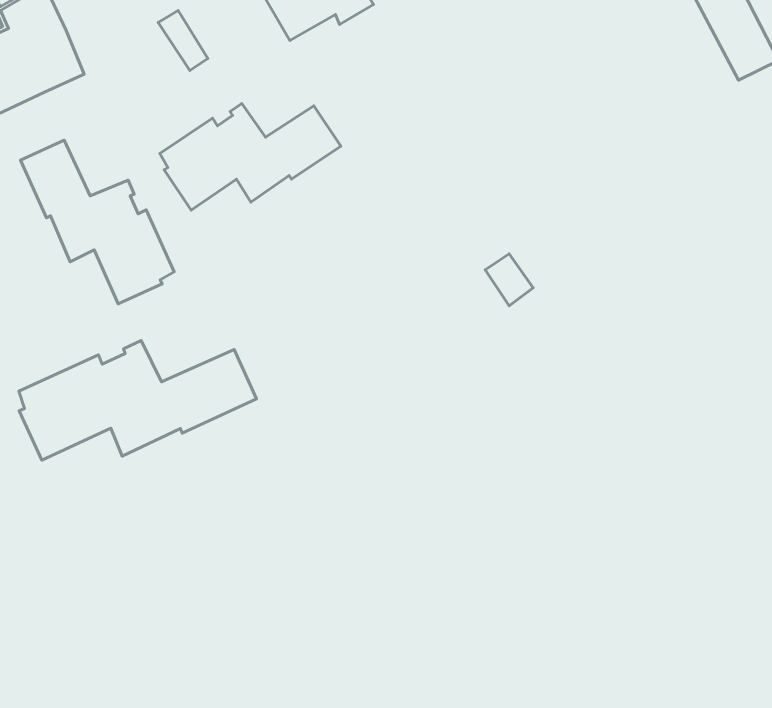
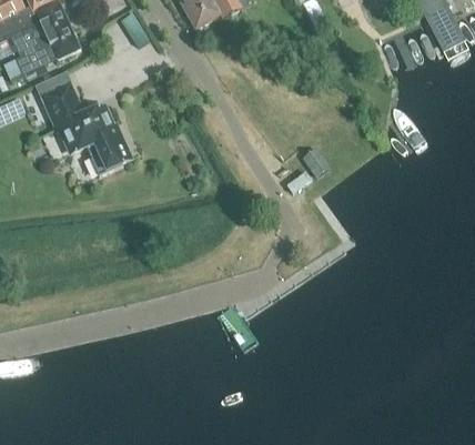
building: [160,103,341,210] -> none
building: [19,340,257,460] -> none

